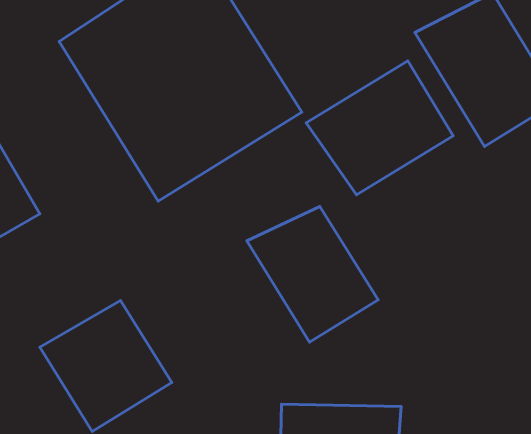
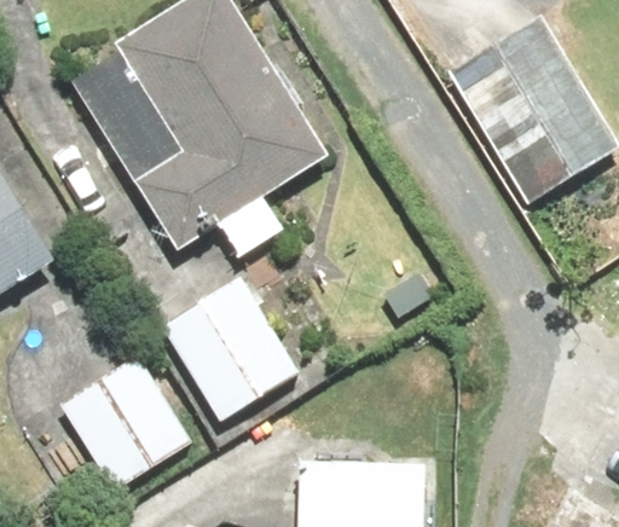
building: [306,61,453,195] -> none
building: [247,206,378,342] -> [156,277,295,421]

